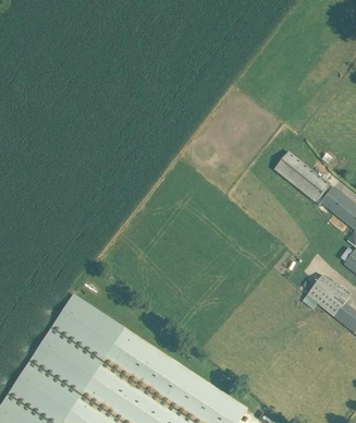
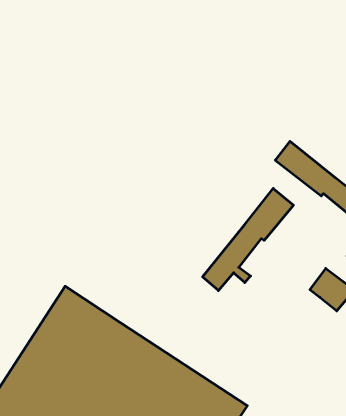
building: none -> [203,188,293,291]

